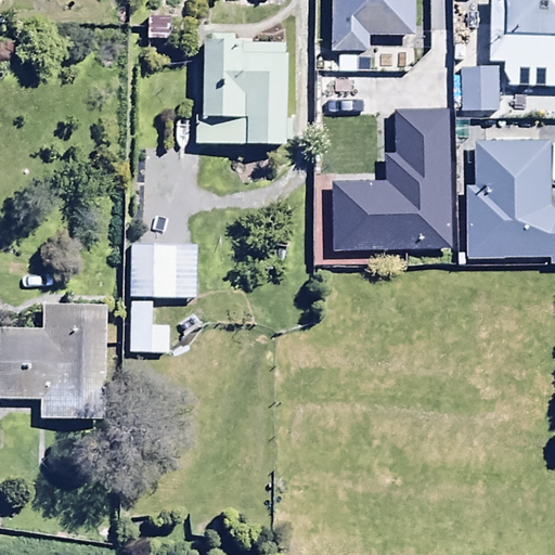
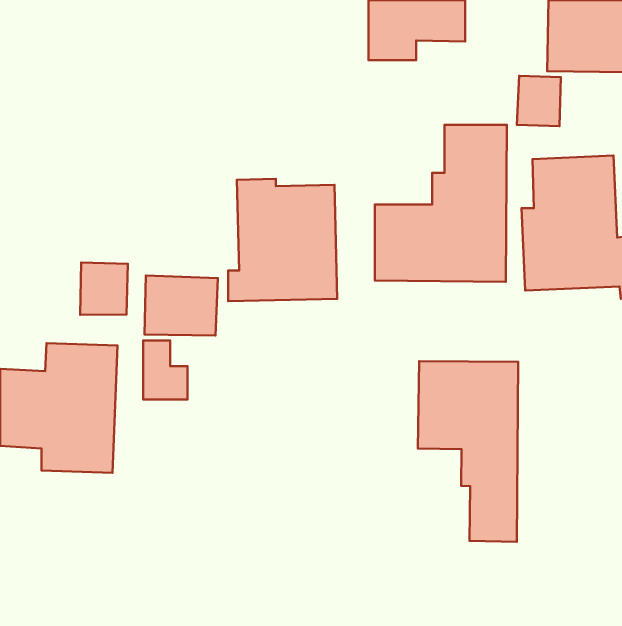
building: [193,36,289,144] -> [228,179,337,301]
building: none -> [80,263,128,315]
building: none -> [418,361,518,542]

